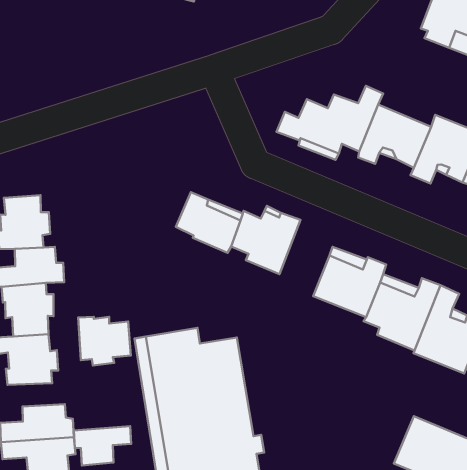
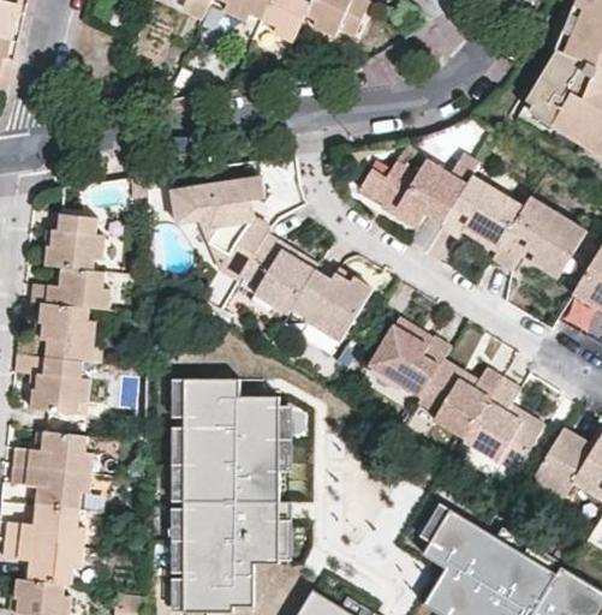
building: none -> [166,171,263,275]
building: [78,317,131,366] -> none
building: [74,426,131,465] -> none

